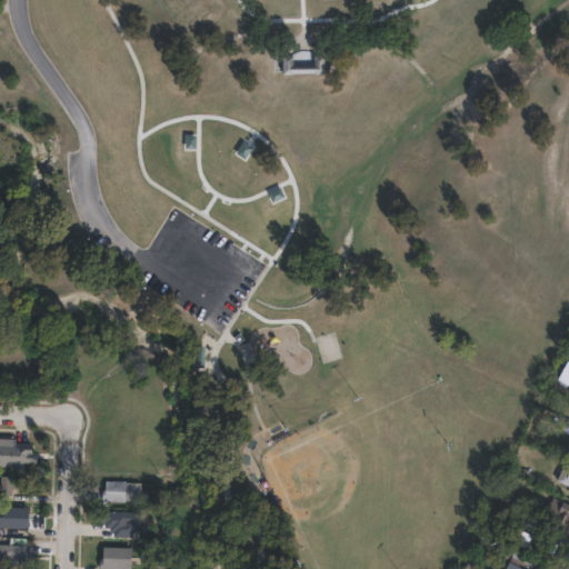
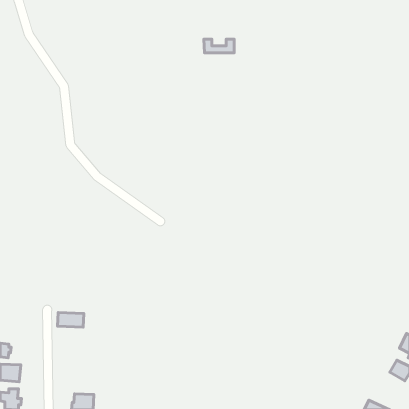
building: [7,445,34,468] -> none
building: [103,482,140,502] -> [57,313,84,327]
building: [102,512,136,539] -> none

